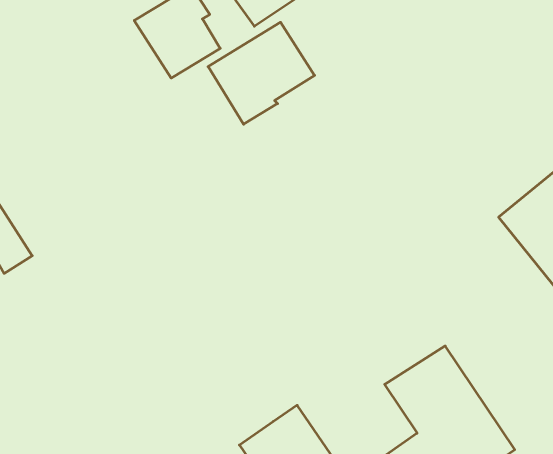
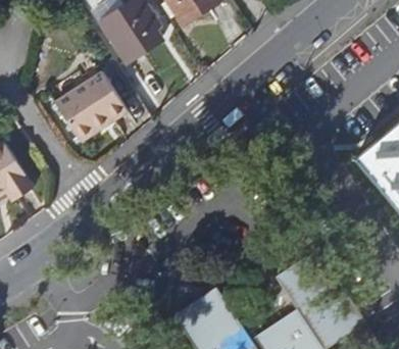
building: [208,22,315,124] -> [52,71,126,142]

